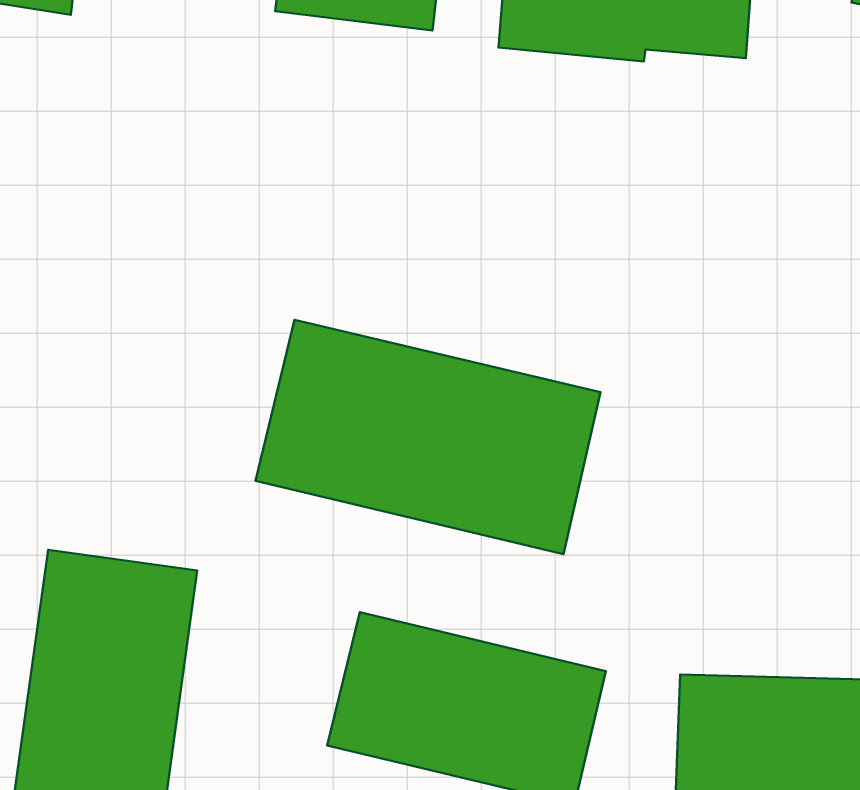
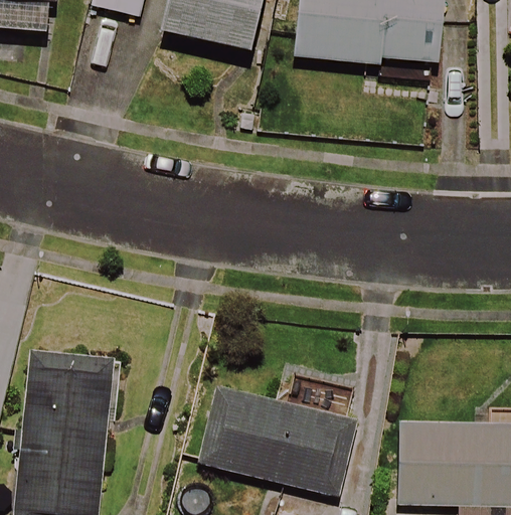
building: [255,320,600,554] -> none

